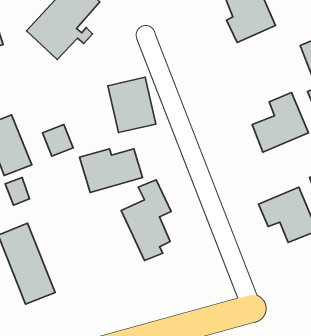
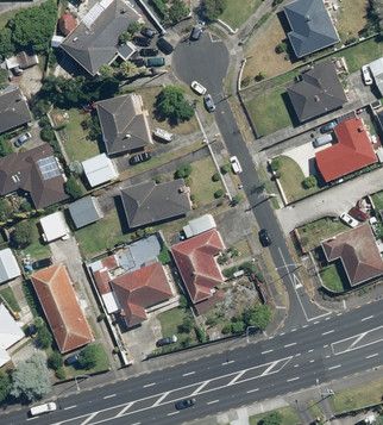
building: none -> [281,58,346,123]
building: [108,77,156,133] -> [96,93,150,155]
building: none -> [67,195,100,229]
building: none -> [88,242,172,327]

